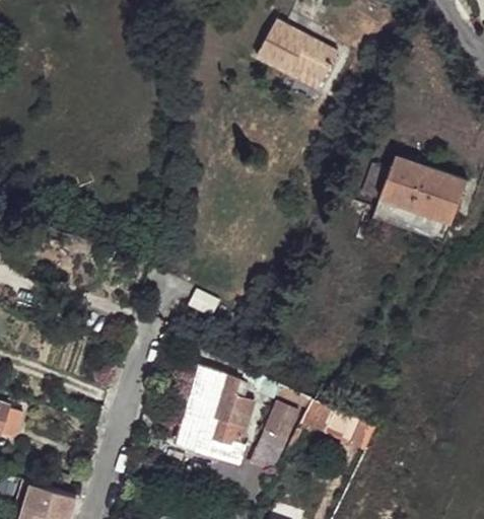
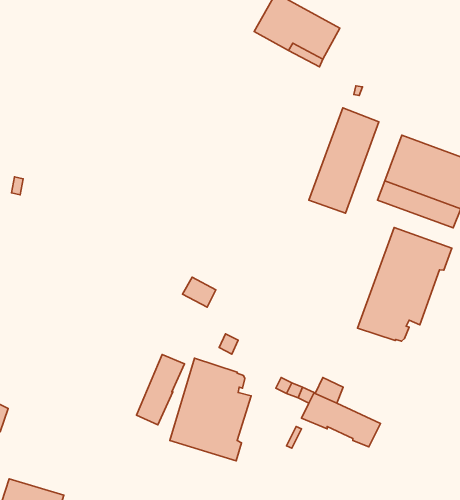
building: none -> [309,108,379,213]
building: none -> [357,228,452,341]
building: [252,402,297,469] -> [136,354,185,425]

